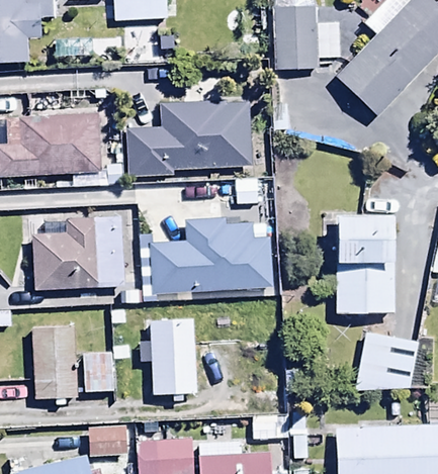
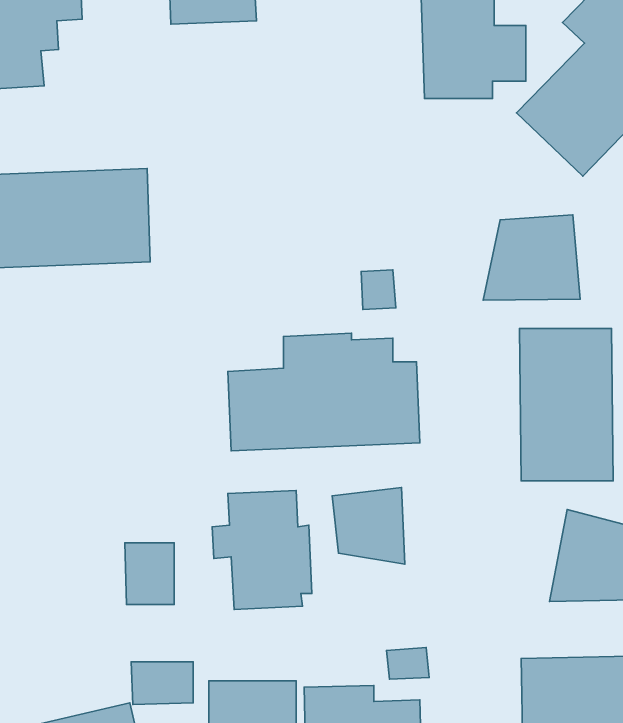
building: [127,103,253,174] -> none
building: none -> [483,215,580,300]
building: [30,219,124,289] -> none
building: none -> [332,488,405,564]
building: [31,326,78,399] -> none

